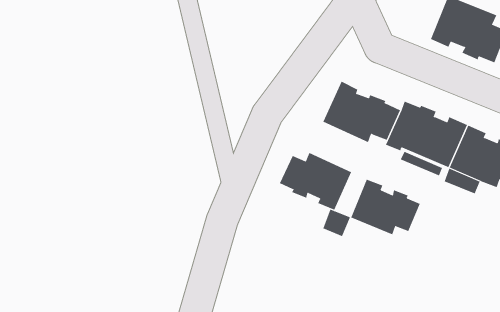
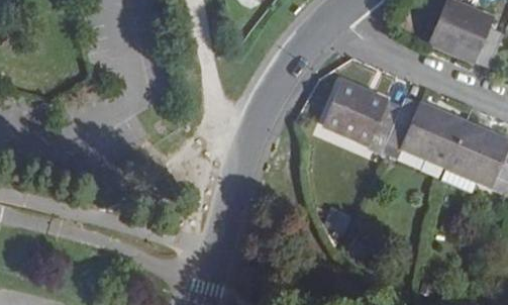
building: [279,152,352,211] -> none
building: [350,179,421,235] -> none

